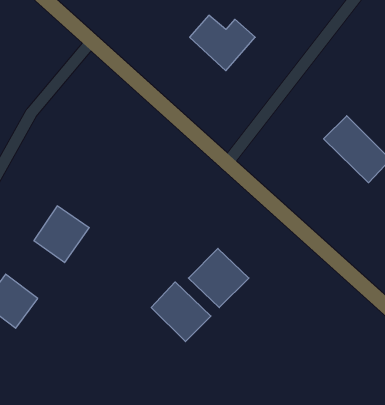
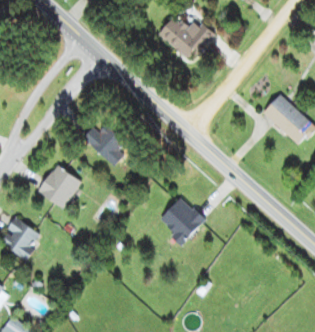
building: none -> [83,124,129,165]
building: [151,282,211,342] -> none

